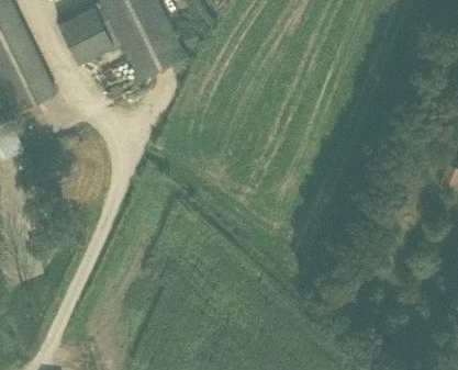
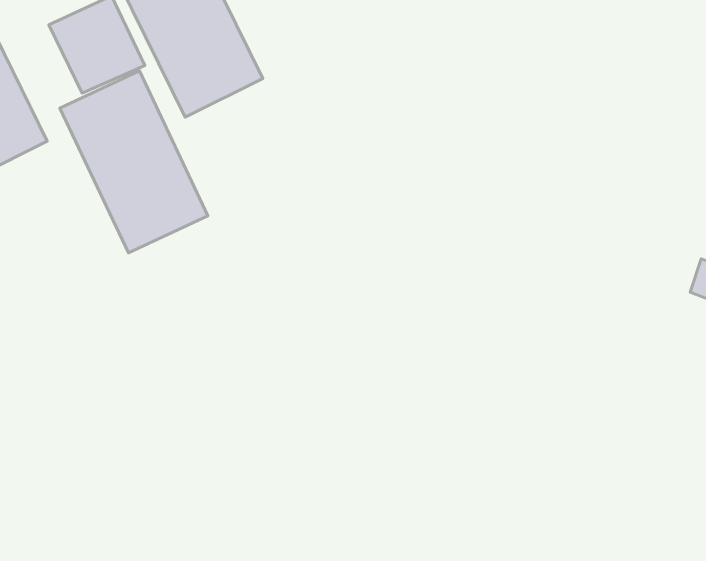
building: none -> [60,71,208,253]

